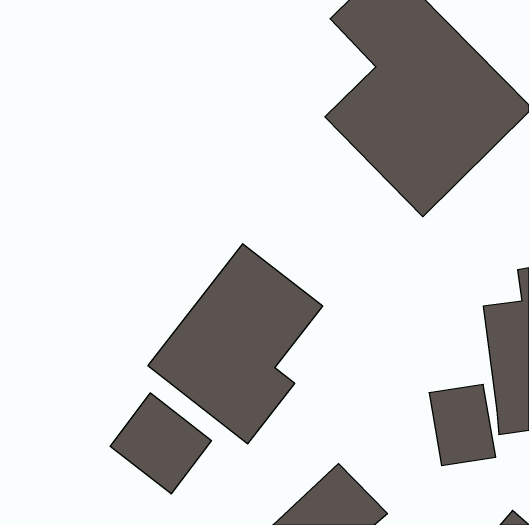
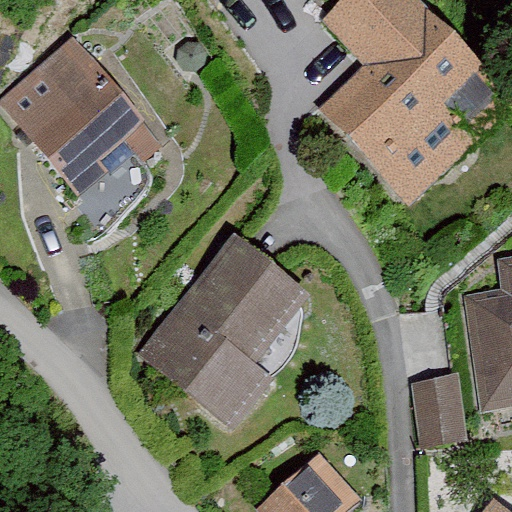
building: none -> [8,44,152,191]
building: [110,393,211,494] -> none

